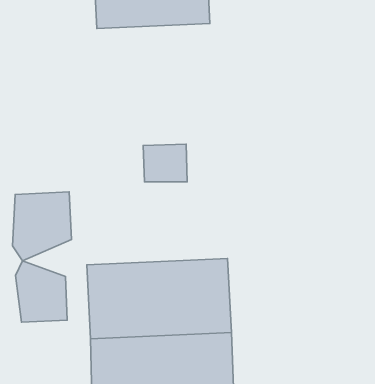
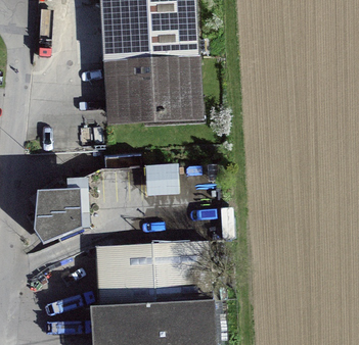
building: none -> [103,49,198,121]
building: [15,261,67,322] -> none

